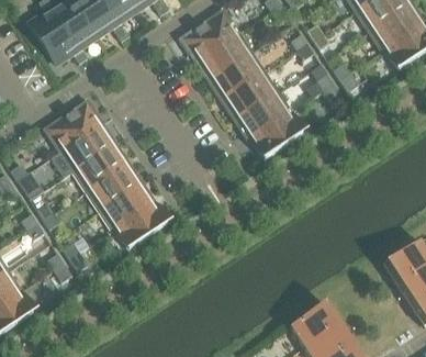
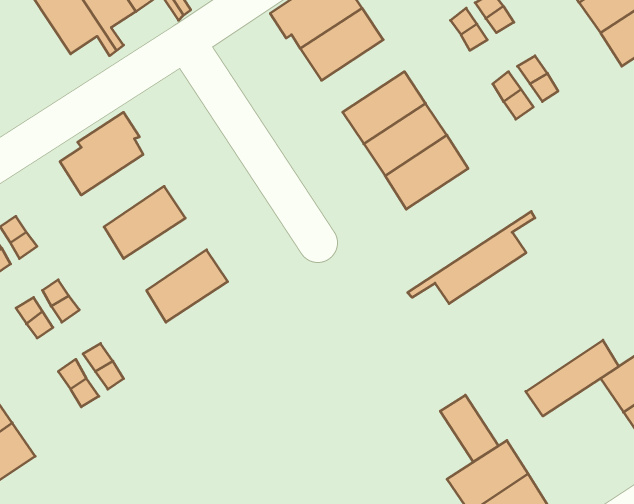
building: [210,52,261,97] -> none
building: [60,123,112,168] -> none
building: none -> [408,211,535,304]
building: [87,163,138,208] -> none
building: [113,202,166,247] -> none
building: none -> [526,340,619,416]
building: none -> [440,395,498,462]

